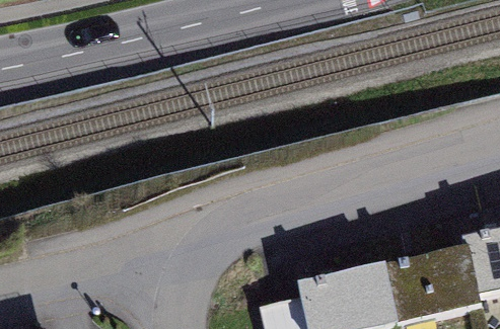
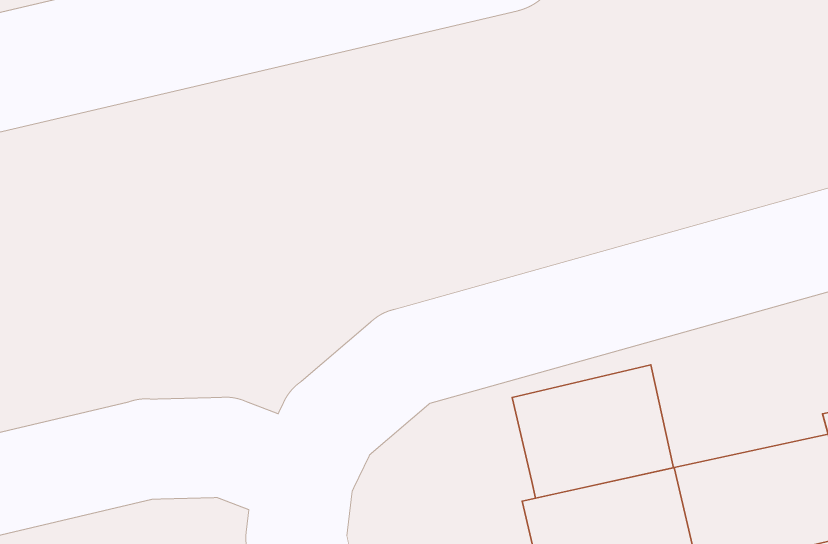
building: none -> [512,365,673,498]

